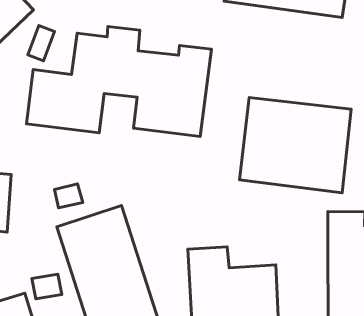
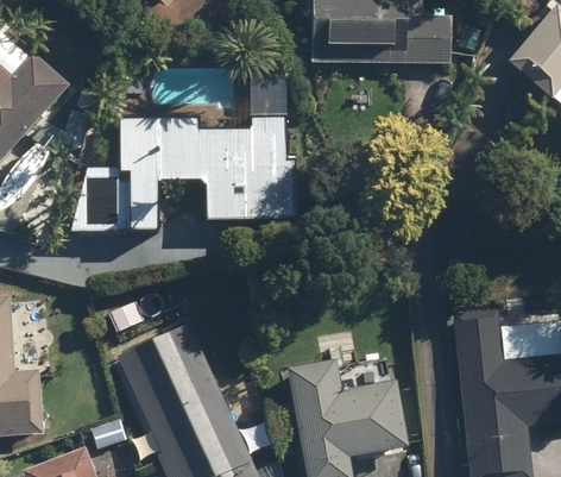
building: [239,98,351,193] -> none

